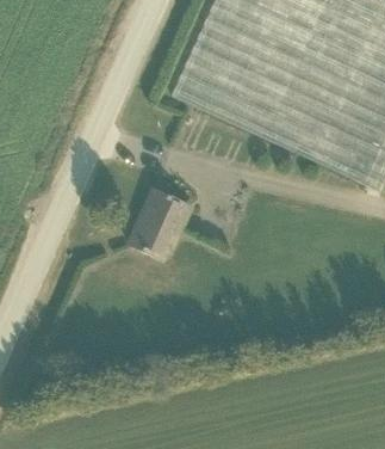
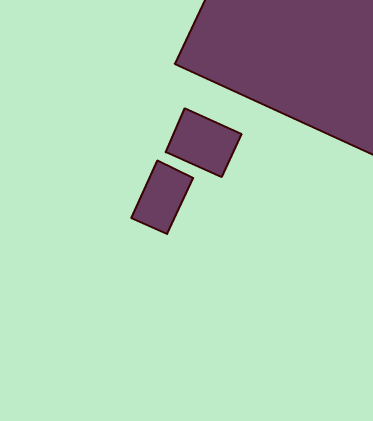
building: none -> [166,108,241,177]

